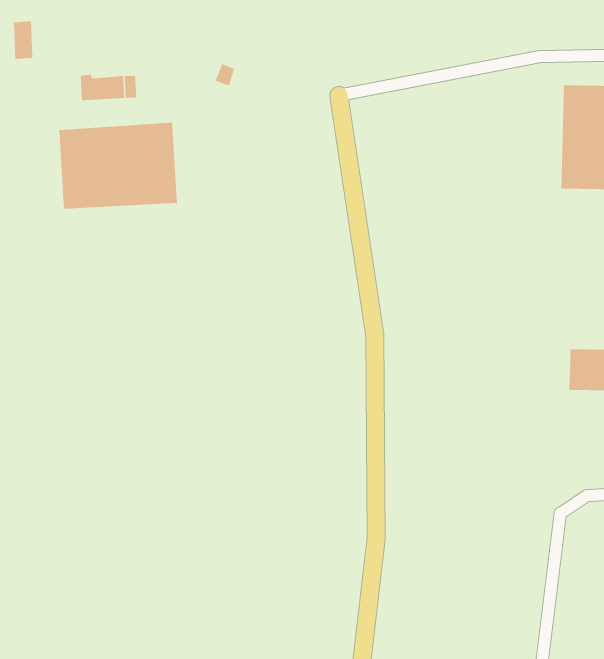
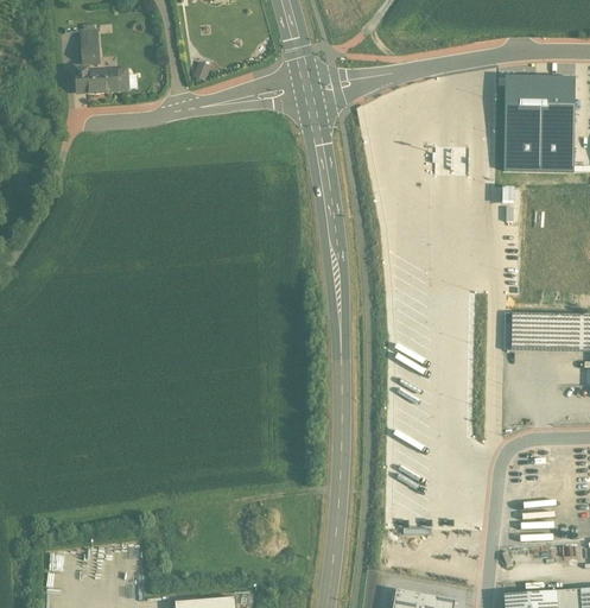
building: [13,21,33,60] -> [82,28,100,63]
building: [59,122,177,210] -> none

